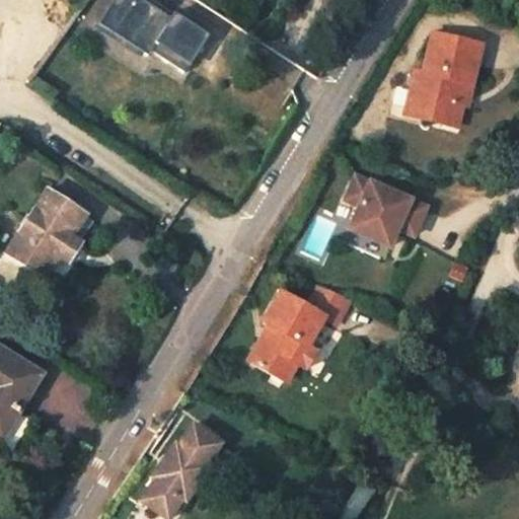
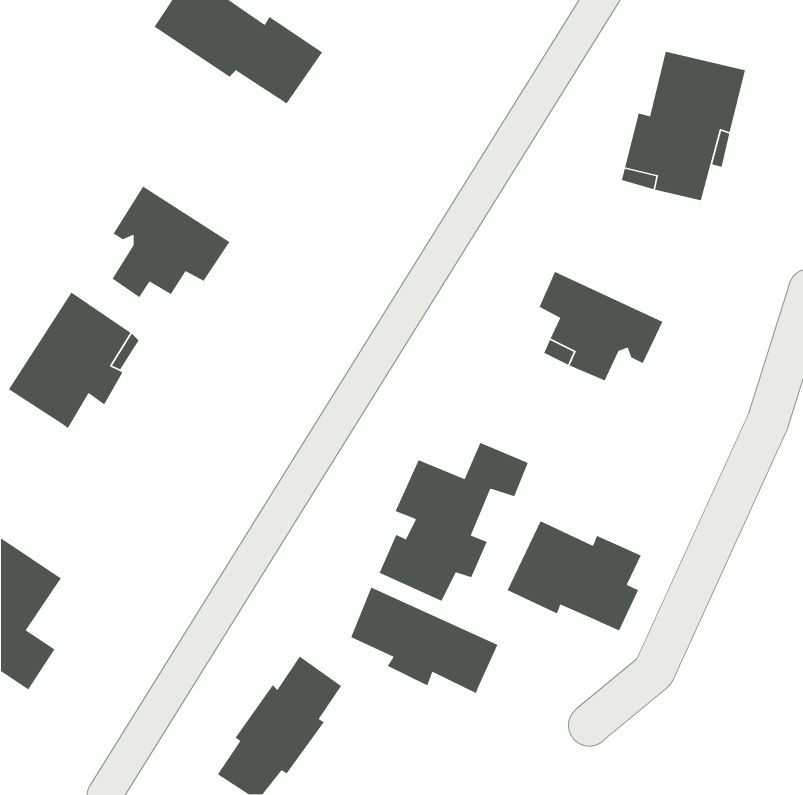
building: none -> [111,185,230,298]
building: none -> [506,520,642,631]
building: none -> [350,586,498,694]

